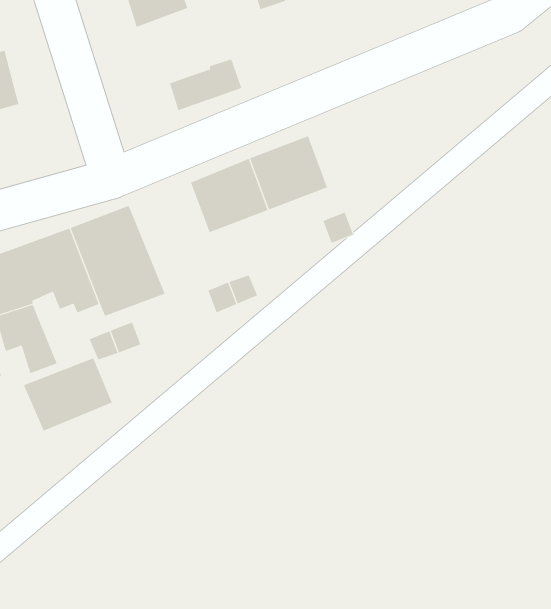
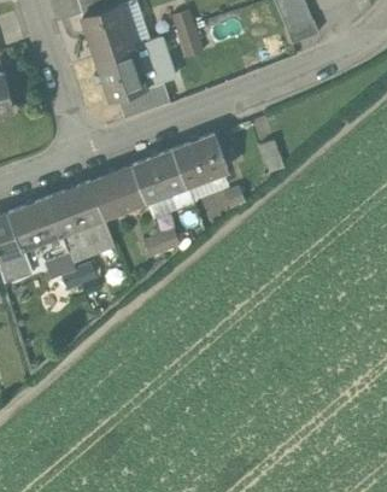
building: none -> [95,46,146,100]
building: none -> [90,166,146,217]
building: [23,357,113,431] -> none

